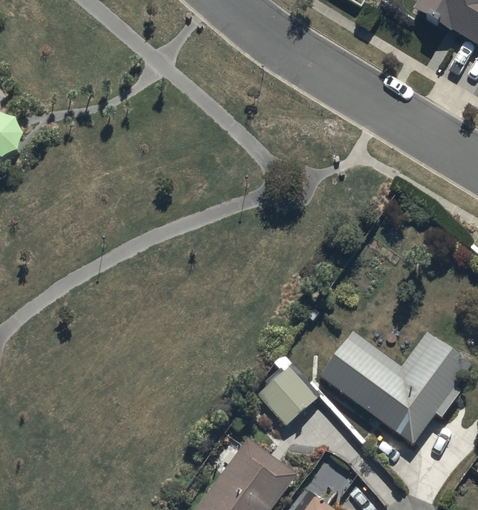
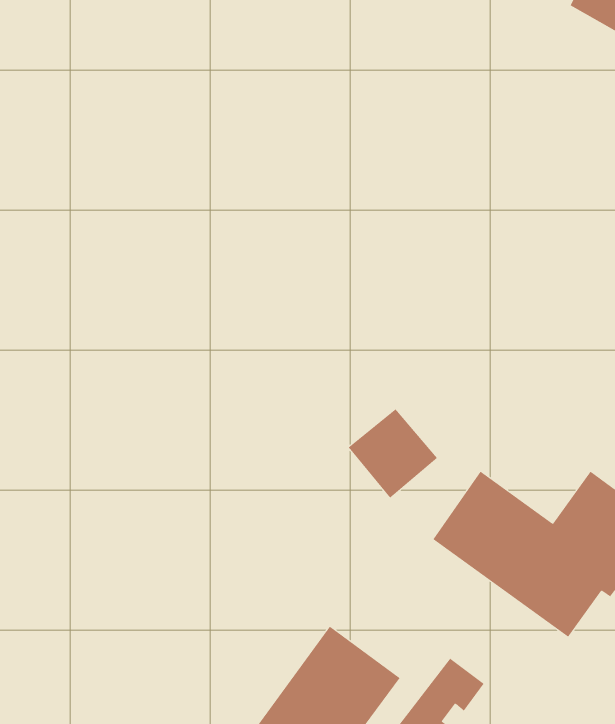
building: [257,363,319,425] -> [348,409,438,498]

